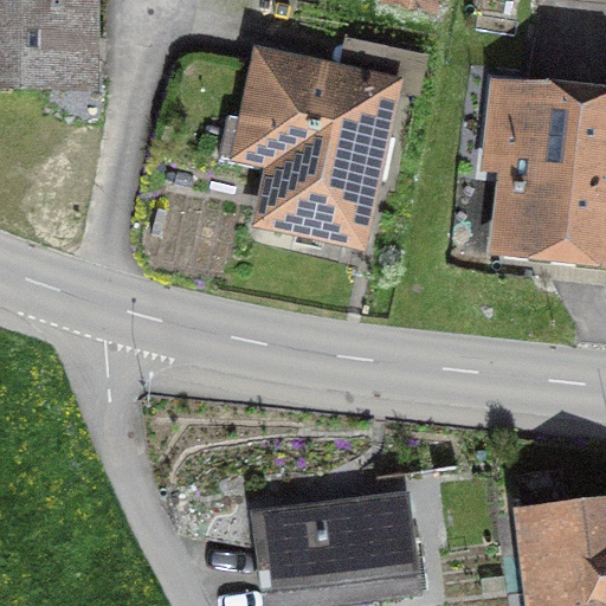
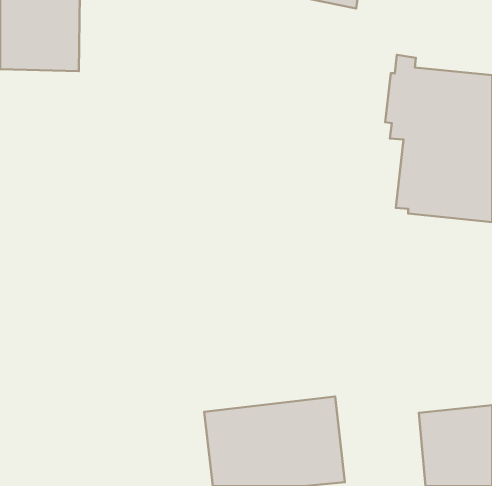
building: [217,36,428,251] -> none

